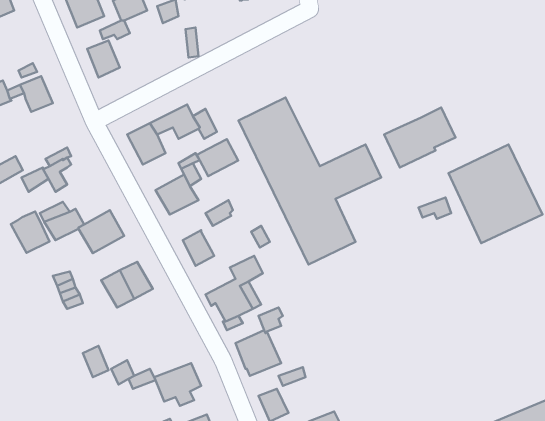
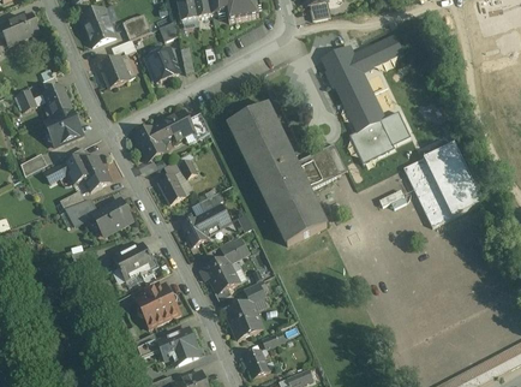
building: none -> [323,35,402,131]
building: none -> [145,48,179,79]
building: none -> [44,108,83,144]
building: [197,139,238,176] -> [197,203,232,234]
building: [11,211,49,253] -> [78,155,110,190]
building: none -> [134,282,181,328]

